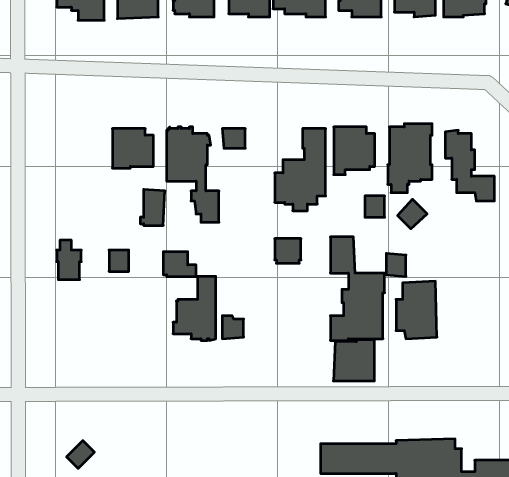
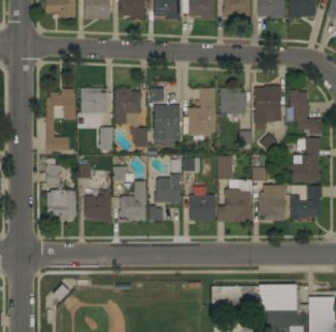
building: none -> [46,89,75,150]
building: none -> [154,106,179,141]
building: none -> [292,138,321,181]
building: none -> [155,174,179,203]
building: none -> [291,186,322,220]
building: none -> [46,190,75,221]
building: none -> [85,191,111,222]
building: [333,340,374,381] -> [189,195,214,221]

